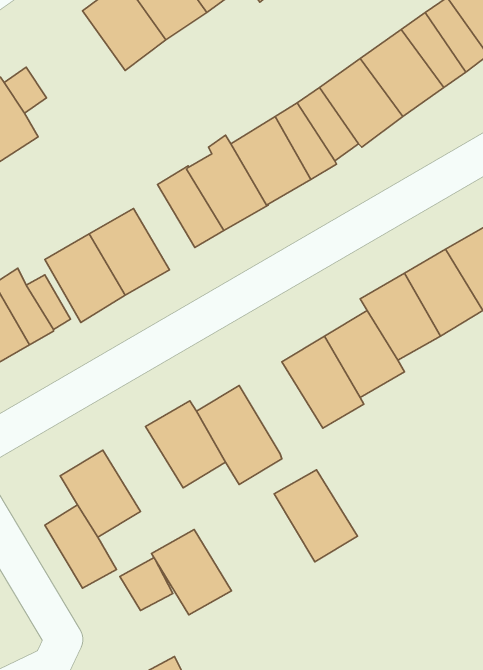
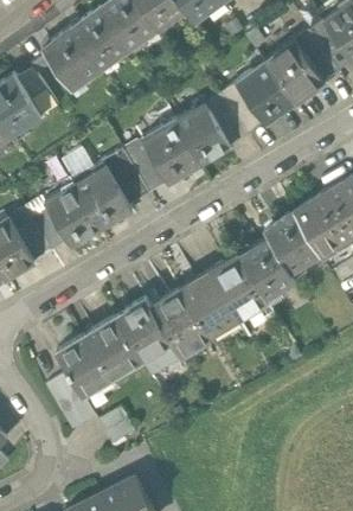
building: none -> [41,28,101,90]
building: [274,470,358,562] -> [180,273,238,337]
building: [151,530,232,615] -> [85,318,141,377]

